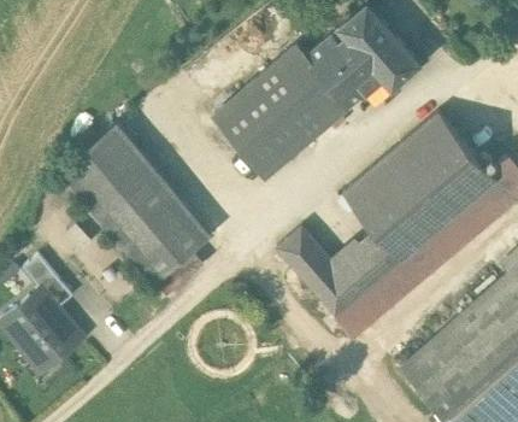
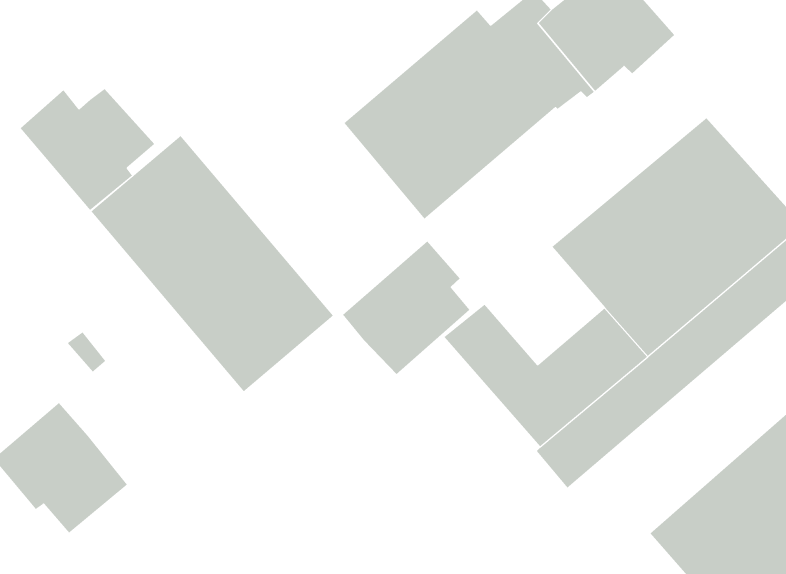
building: none -> [20,88,155,211]
building: none -> [342,241,470,375]
building: [23,256,72,309] -> none

